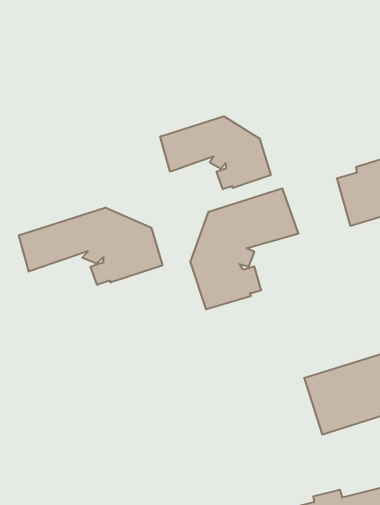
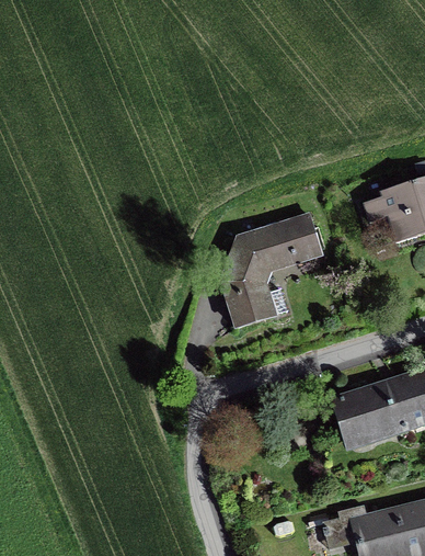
building: [160,116,271,189] -> none
building: [19,208,162,285] -> none

